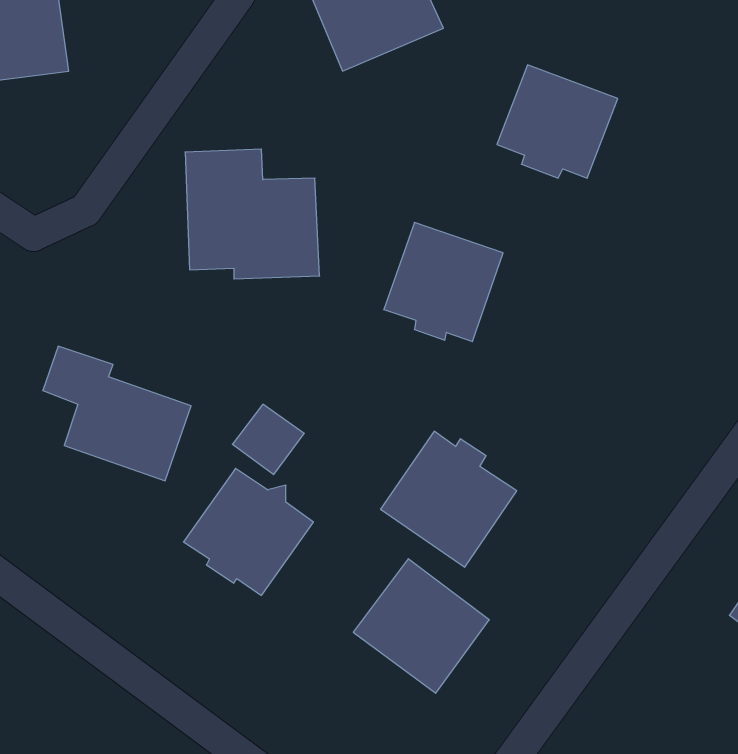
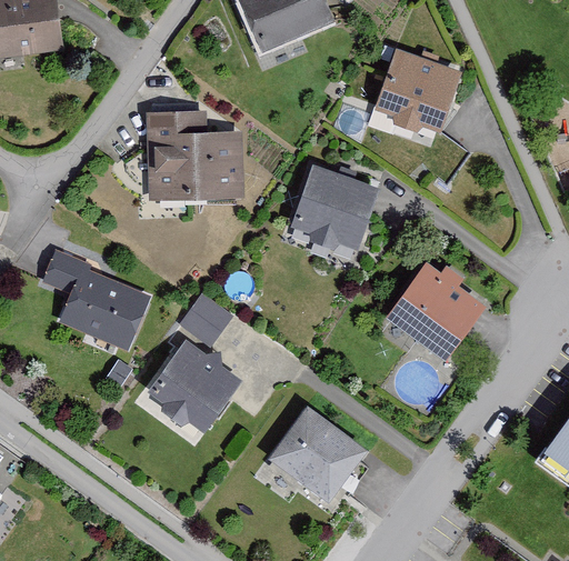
building: [381,431,517,567] -> [387,260,486,359]

